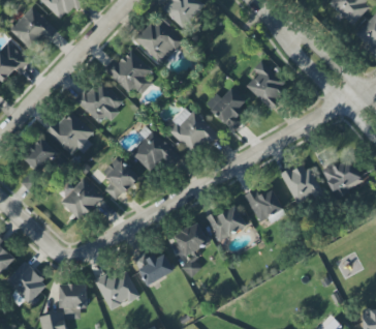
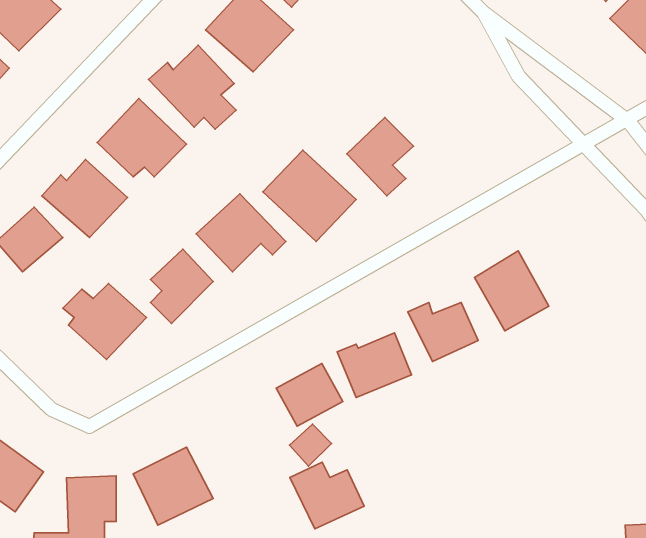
building: [245,61,288,109] -> none
building: [323,159,361,195] -> none
building: [133,249,174,286] -> [290,462,364,529]

